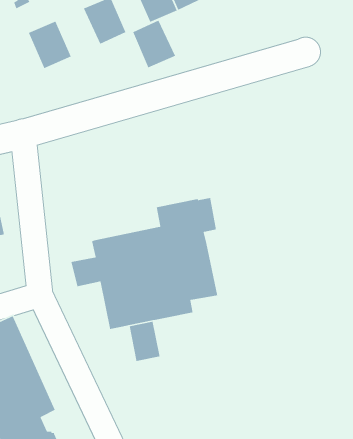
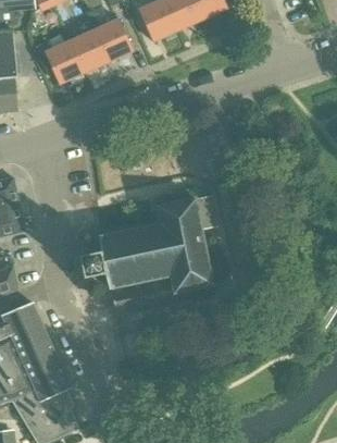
building: [132,20,176,68] -> [70,28,109,72]
building: [129,321,161,362] -> none

